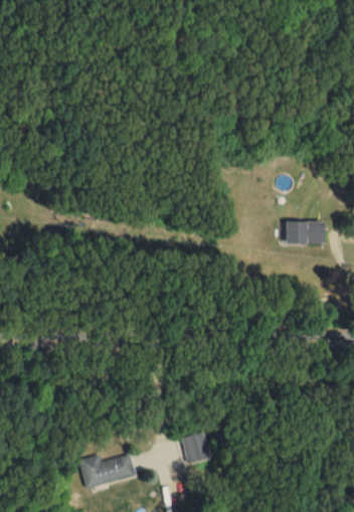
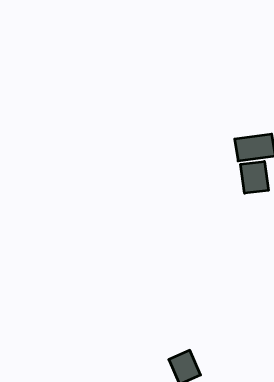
building: none -> [241,161,268,193]

